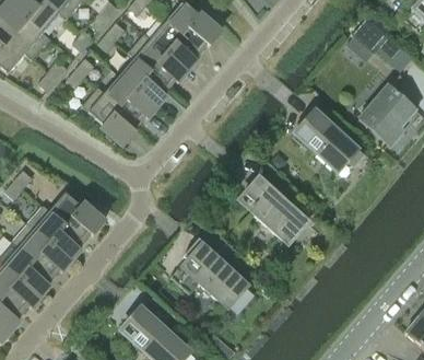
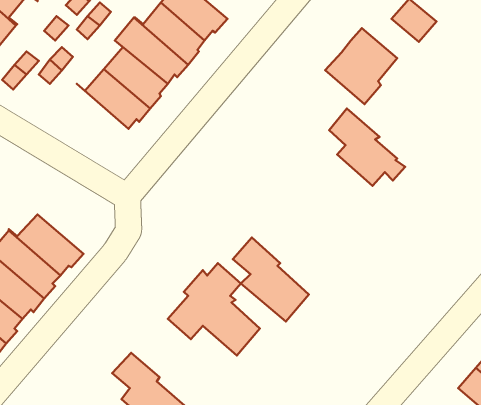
building: [358,84,416,146] -> [325,28,397,104]
building: [81,88,139,144] -> none
building: [244,174,305,242] -> [233,237,309,322]

